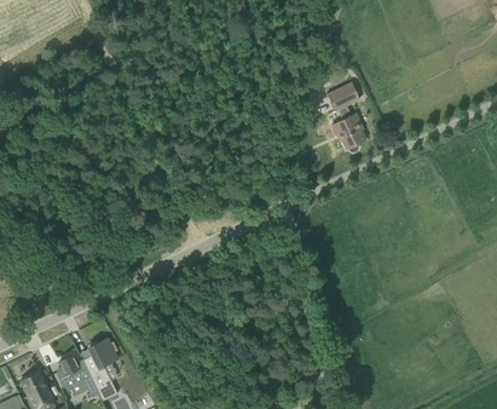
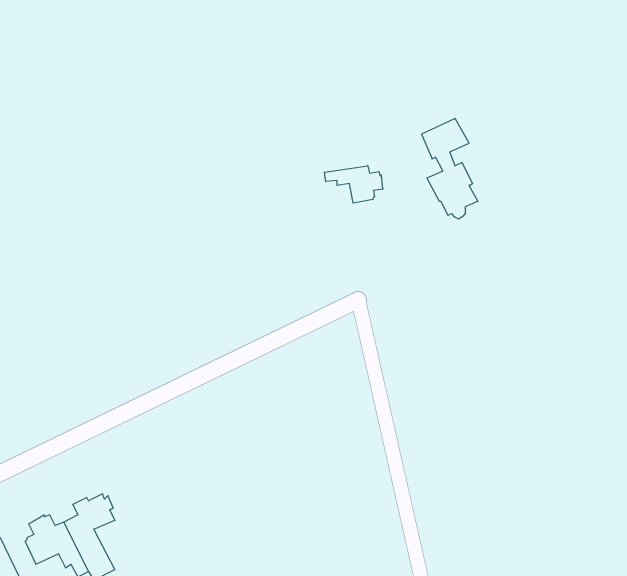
building: none -> [324,166,383,203]

